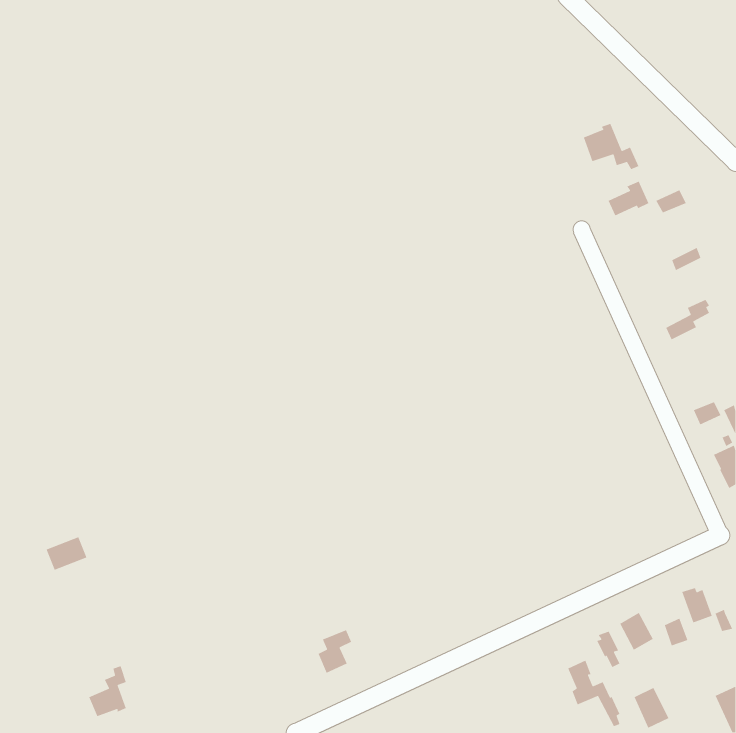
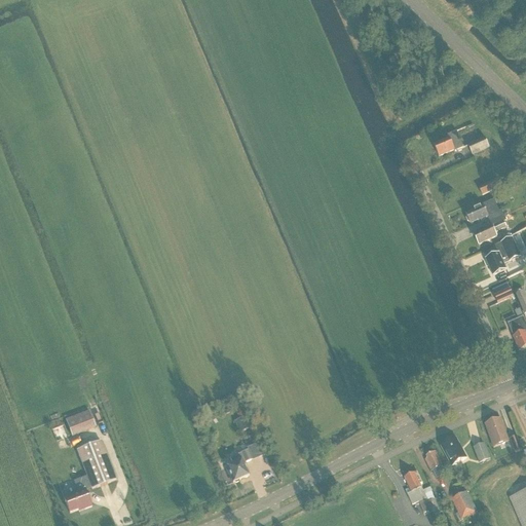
building: [583,123,639,170] -> none
building: none -> [465,197,502,221]
building: none -> [485,235,520,273]
building: [46,536,87,571] -> [65,409,95,434]
building: none -> [76,439,115,487]

